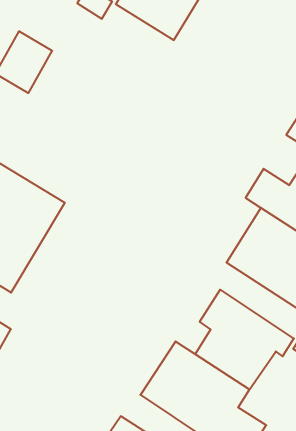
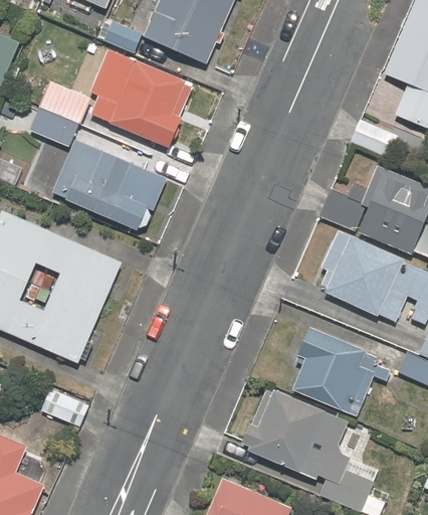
building: none -> [89,54,193,153]
building: none -> [48,139,164,236]

